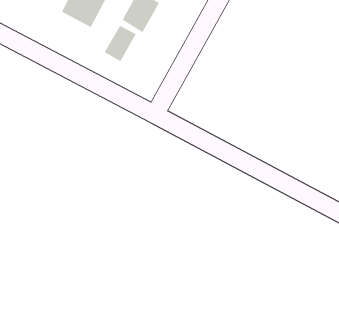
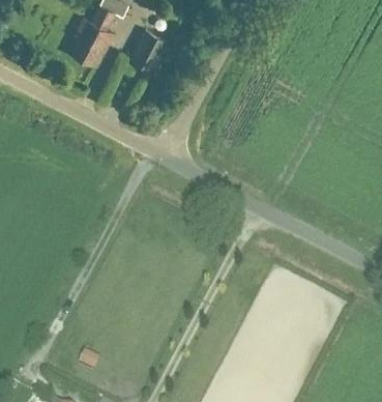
building: [104,25,137,62] -> none

